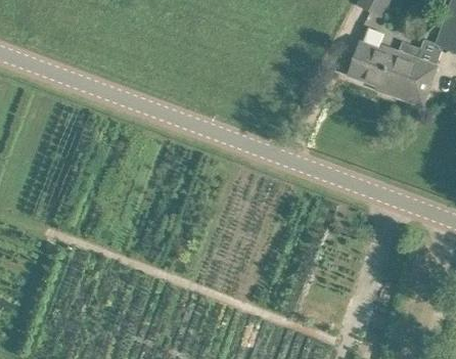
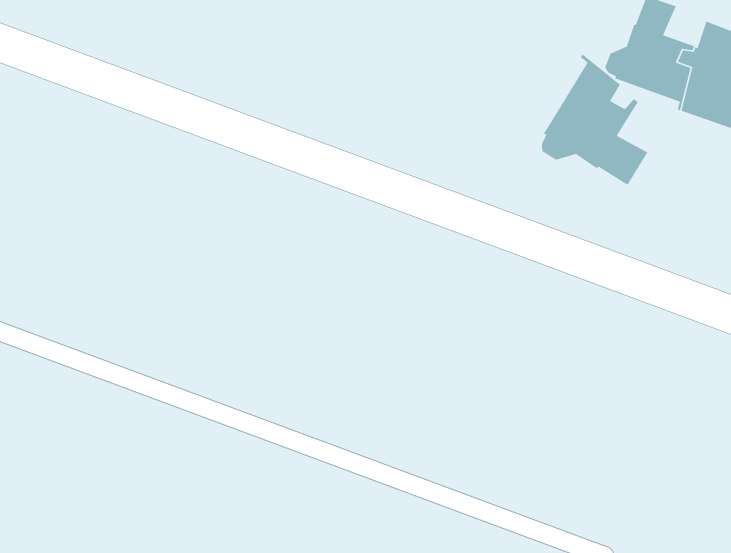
building: none -> [541,53,649,186]

